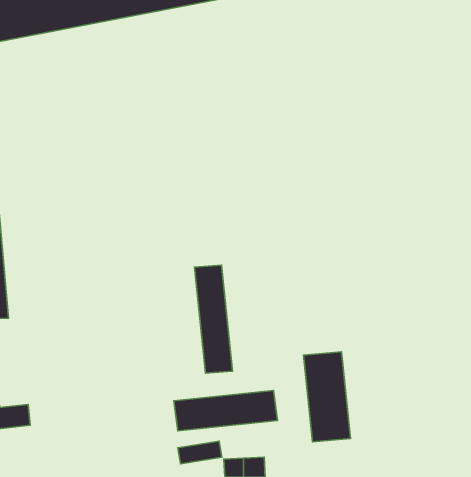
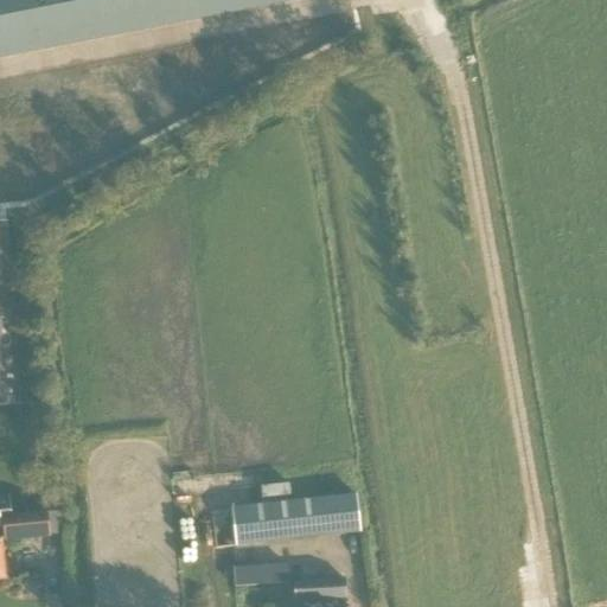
building: [195,265,232,373] -> none
building: [303,352,350,442] -> none

